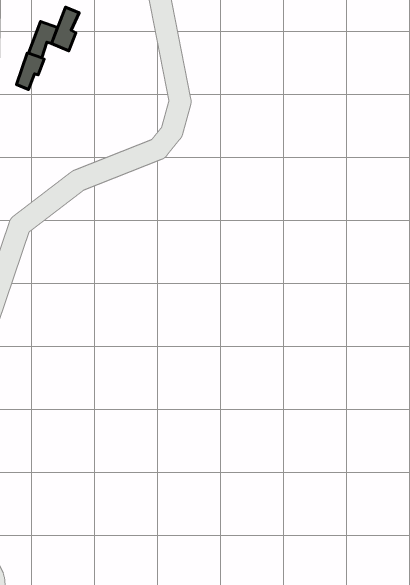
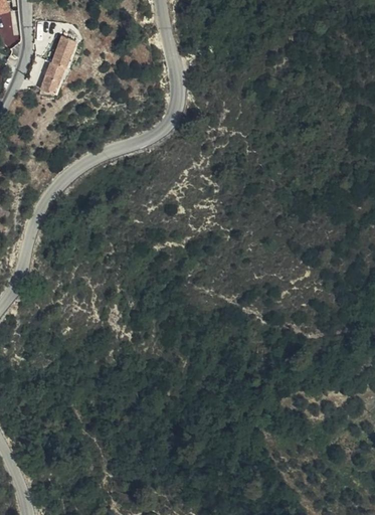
building: [51,7,79,51] -> none

